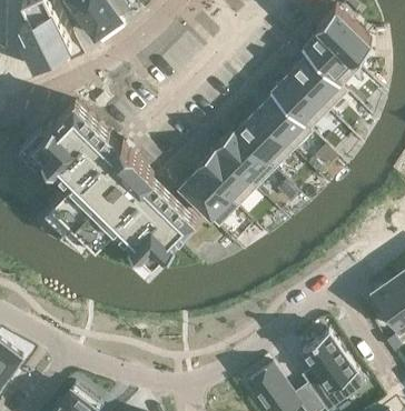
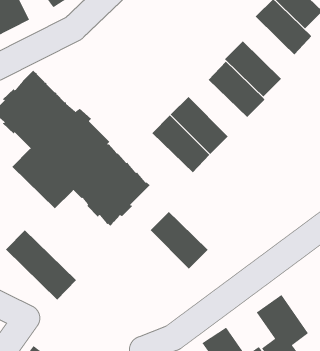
building: [288,48,346,111] -> none
building: [233,112,293,170] -> none
building: [177,167,237,228] -> [150,210,208,269]
building: none -> [5,229,77,300]

